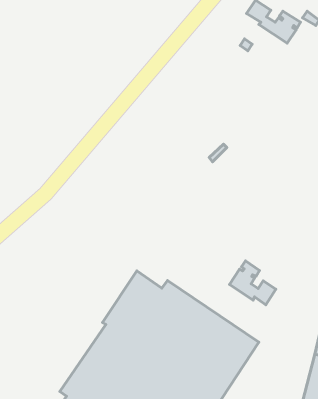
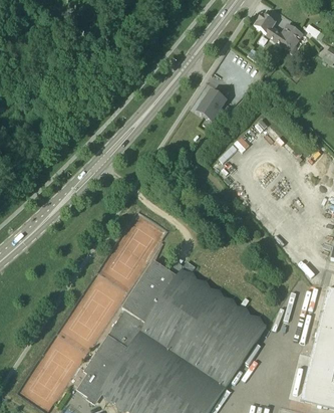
building: none -> [197,89,227,122]
building: [230,261,276,305] -> none

